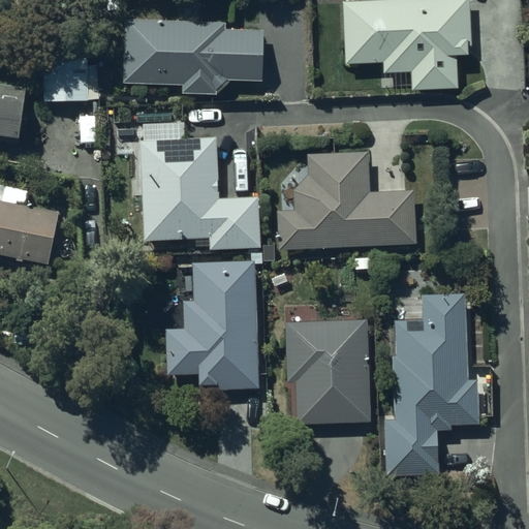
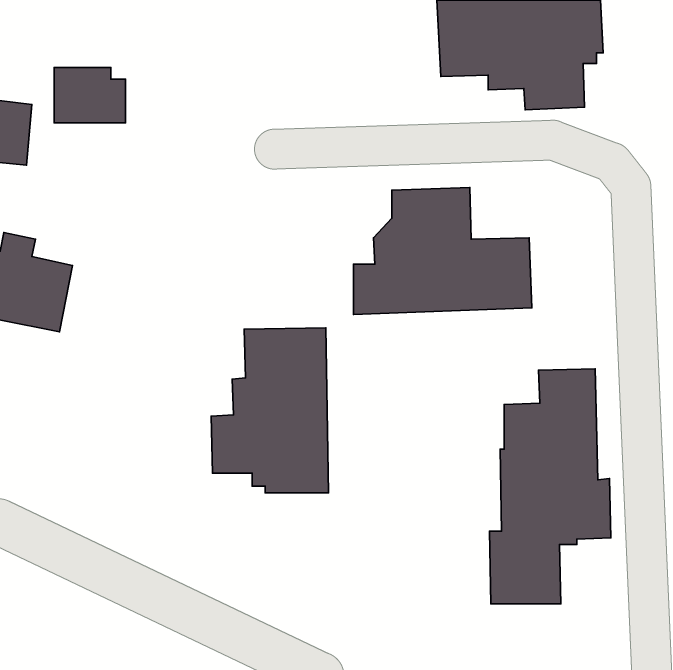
building: [123,20,262,95] -> none
building: [139,137,261,250] -> none
building: [284,316,369,425] -> none

